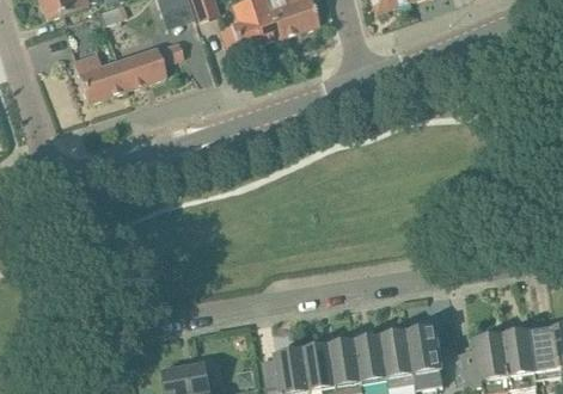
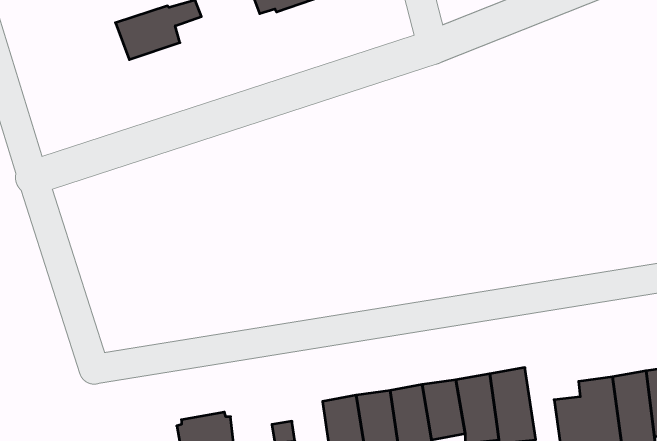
building: [74,53,127,101] -> none

